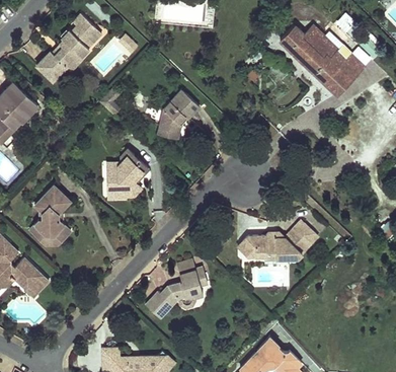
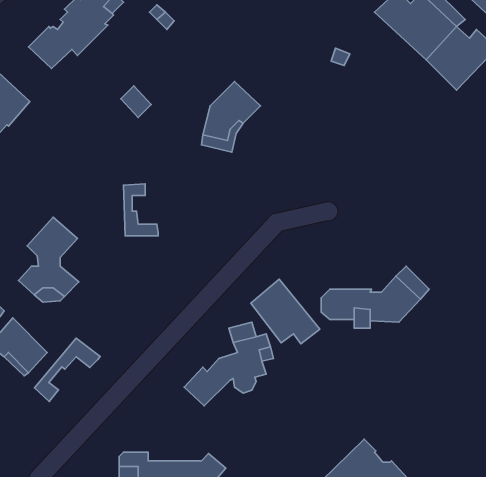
building: [108,149,149,197] -> none
building: none -> [251,279,320,344]
building: none -> [35,338,100,402]

